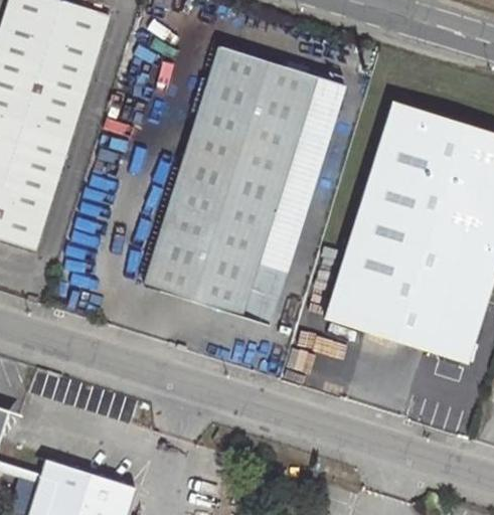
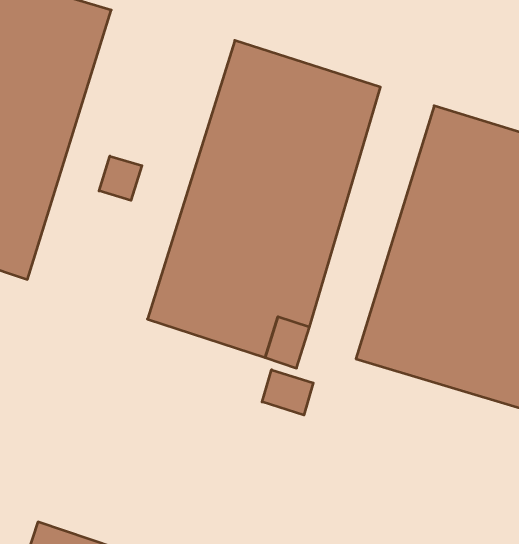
building: none -> [99,156,142,200]
building: none -> [262,370,313,415]

